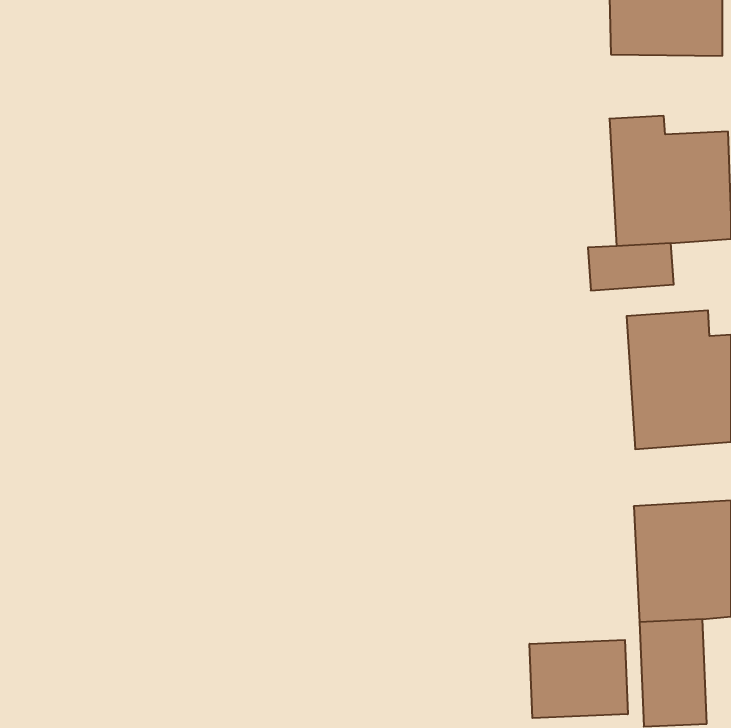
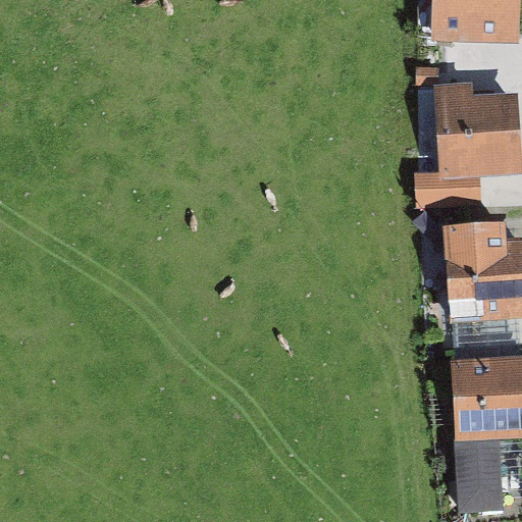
building: [530,640,628,718] -> none

